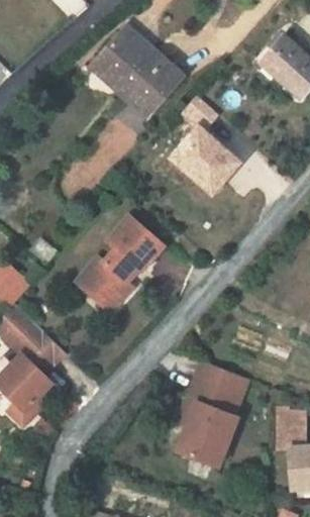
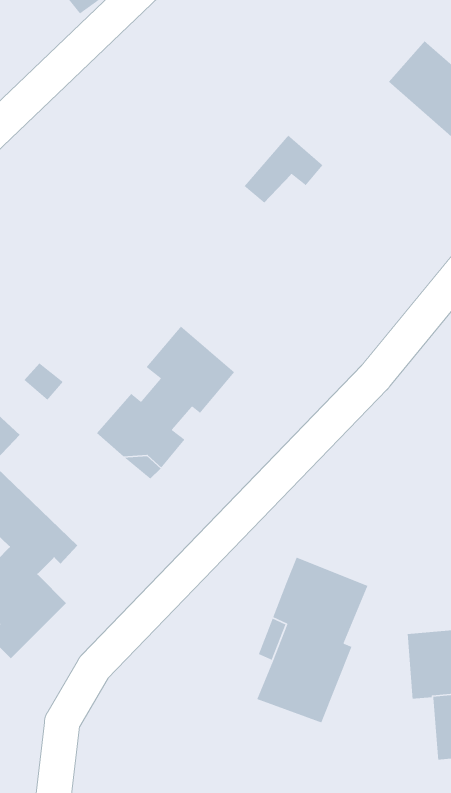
building: [94,31,184,118] -> none
building: [173,126,241,193] -> none

